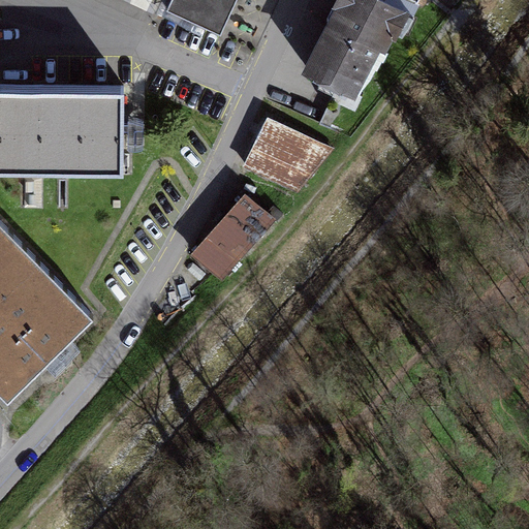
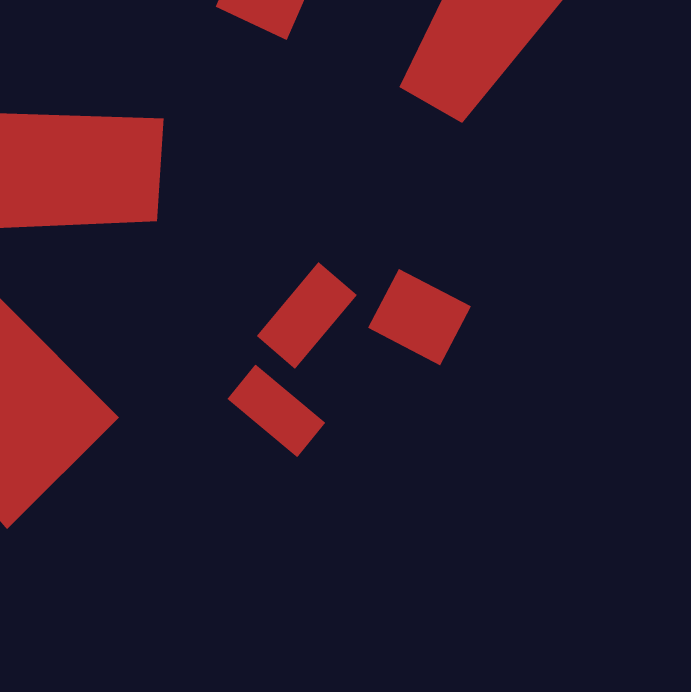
building: [244,122,323,196] -> [367,268,472,366]
building: none -> [227,363,326,458]

